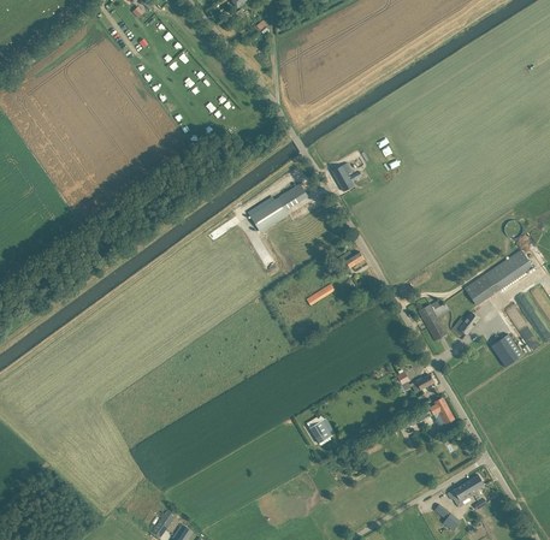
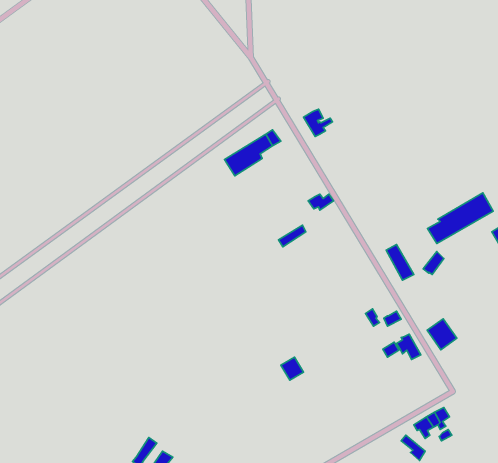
building: [491,333,522,366] -> [427,319,457,350]

